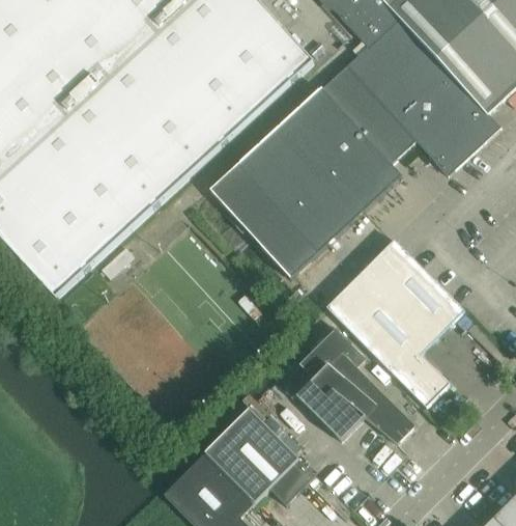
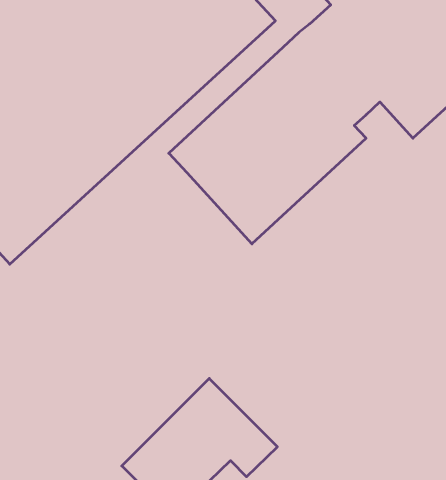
building: [326,239,464,406] -> none
building: [296,326,415,442] -> none

